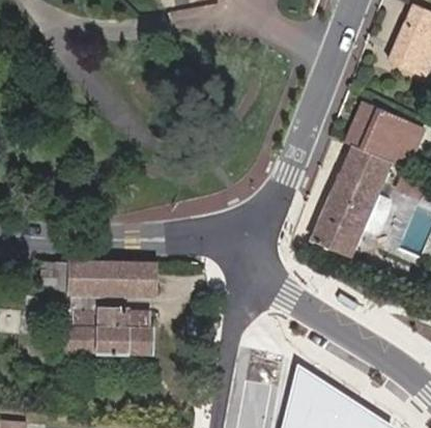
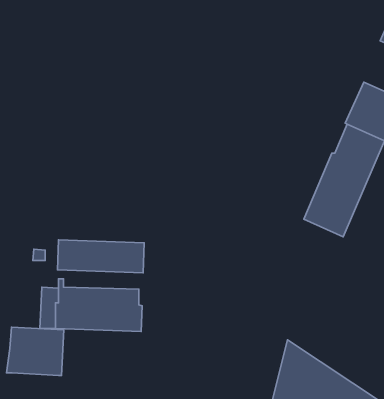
building: none -> [7,327,64,376]

